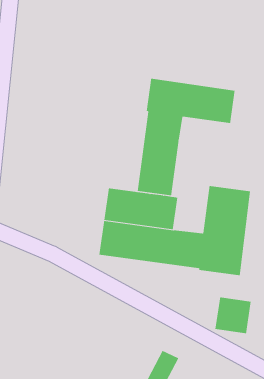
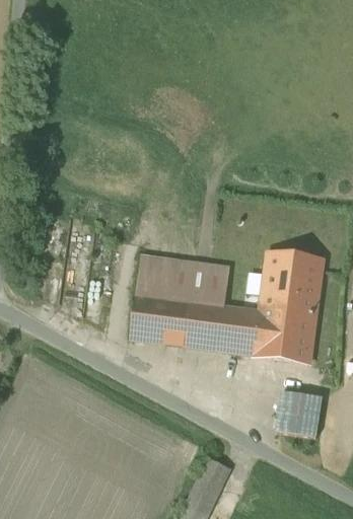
building: [137,78,235,196] -> none

